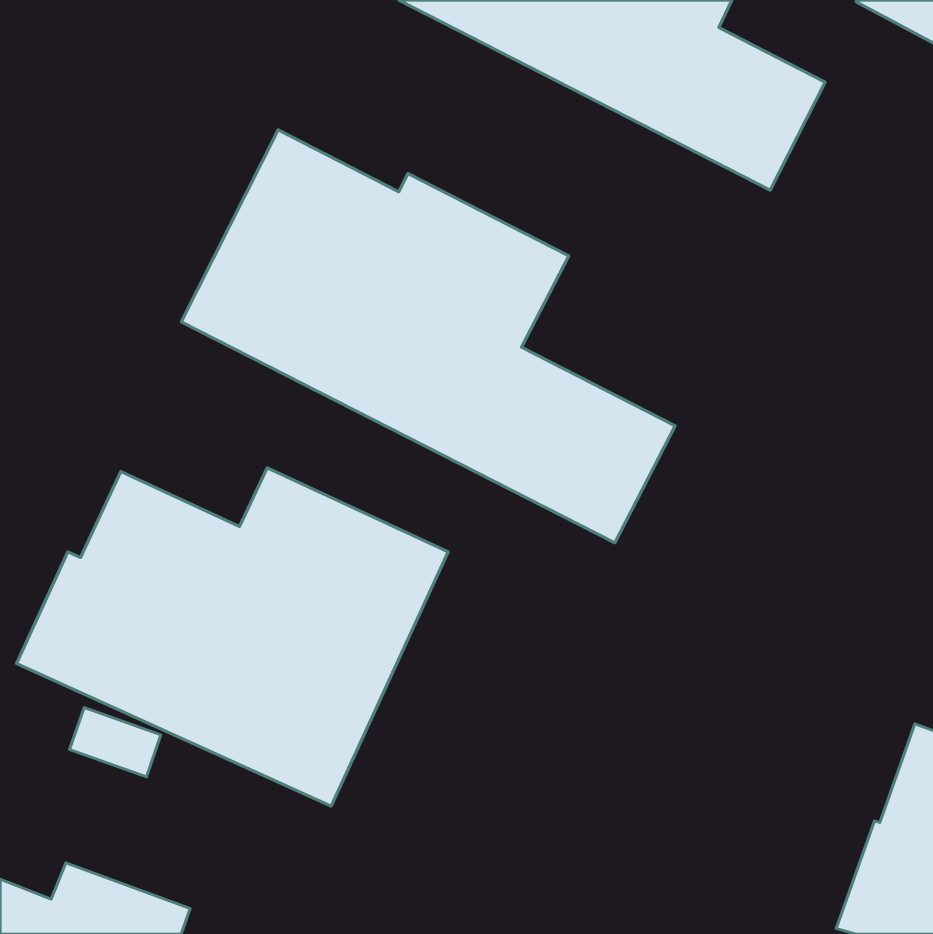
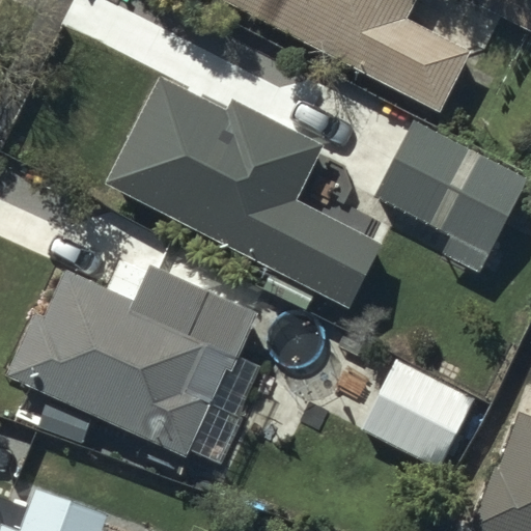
building: none -> [376,122,526,272]
building: none -> [363,359,477,468]

